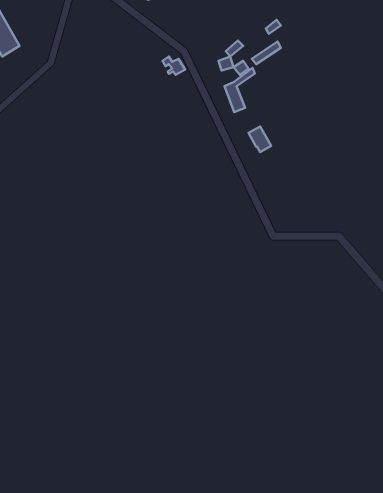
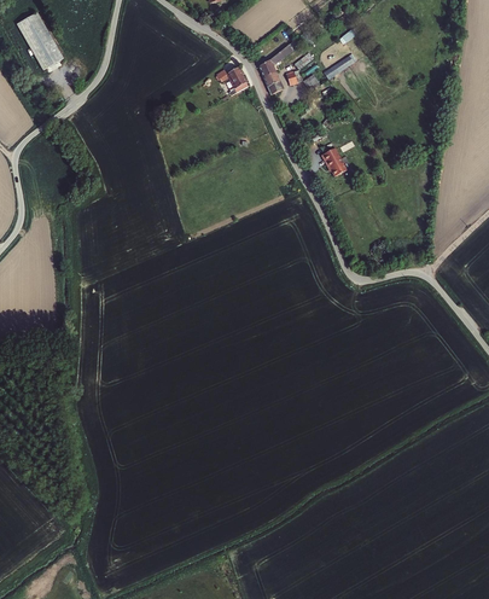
building: [225,68,255,112] -> [258,43,292,93]

